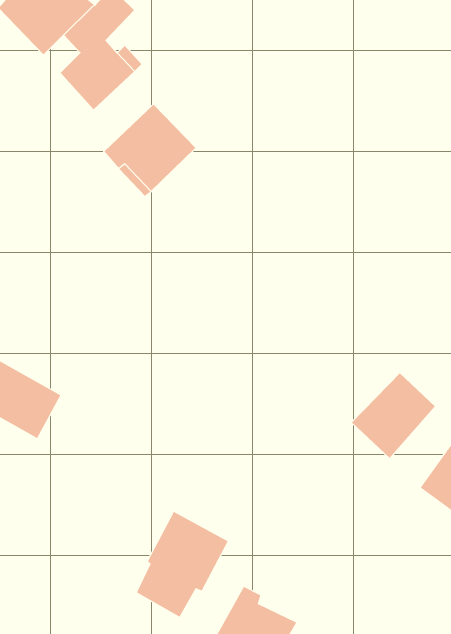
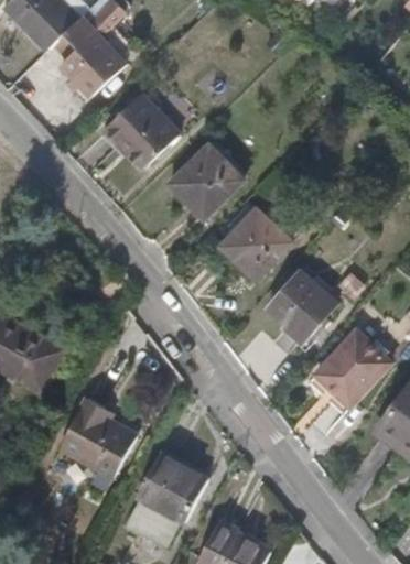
building: none -> [168,142,246,219]
building: none -> [219,206,294,280]
building: none -> [267,270,337,339]
building: none -> [60,400,136,476]

